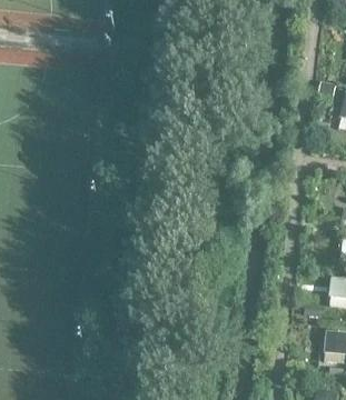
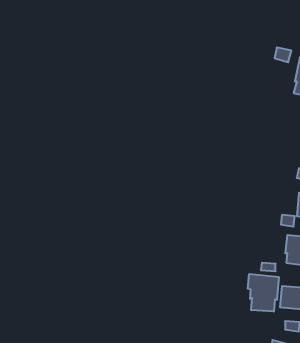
building: none -> [248,274,279,312]

